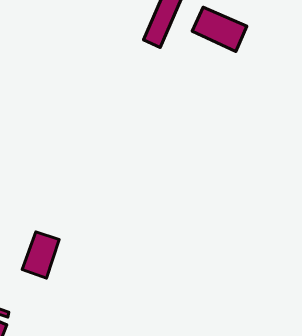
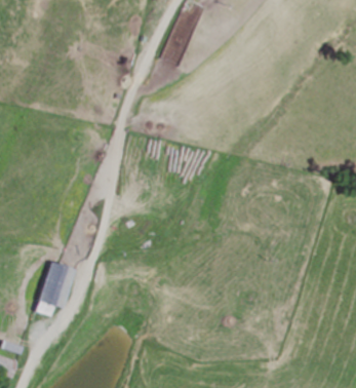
building: [192,7,247,51] -> none

